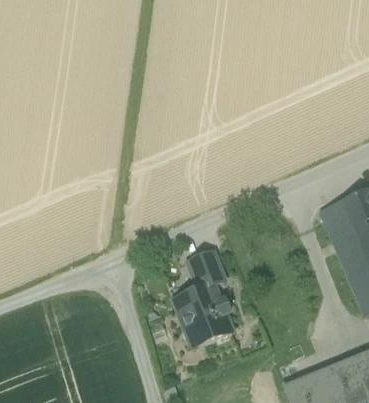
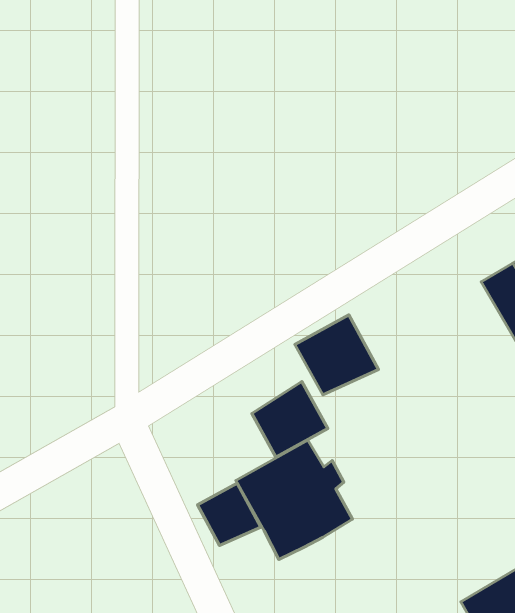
building: none -> [295,315,379,395]
building: none -> [197,483,261,545]

